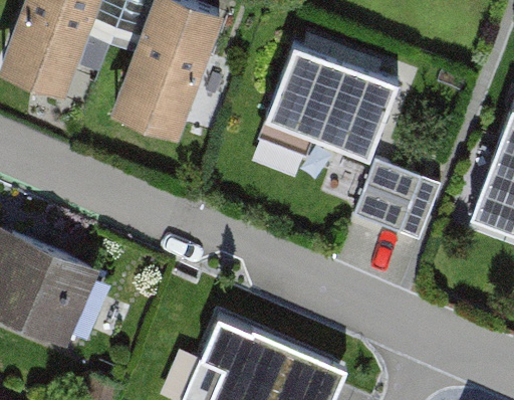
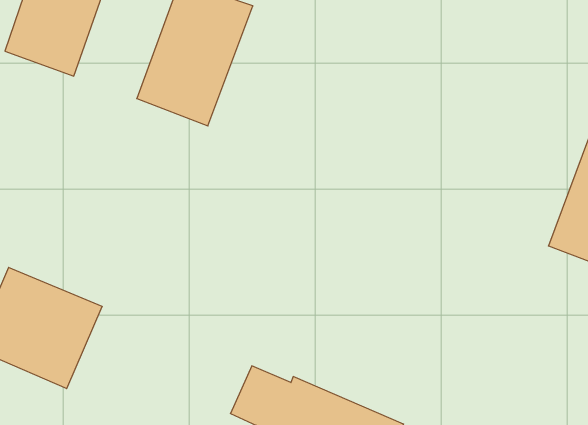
building: [267,47,400,162] -> none
building: [354,163,440,243] -> none

